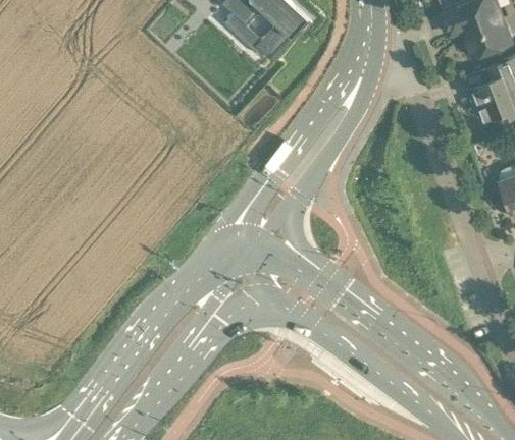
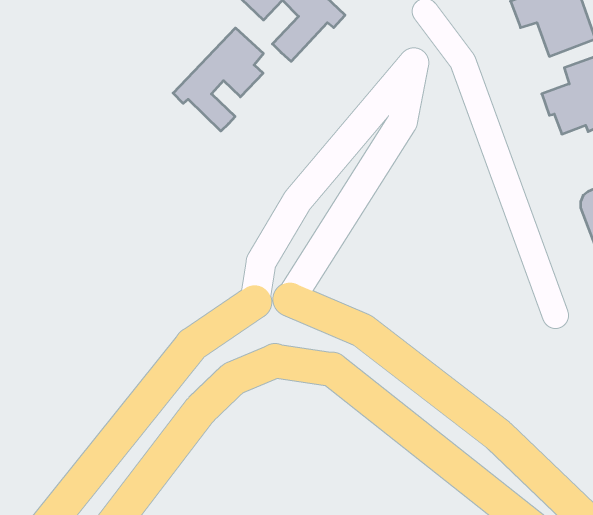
building: none -> [173,28,263,131]

